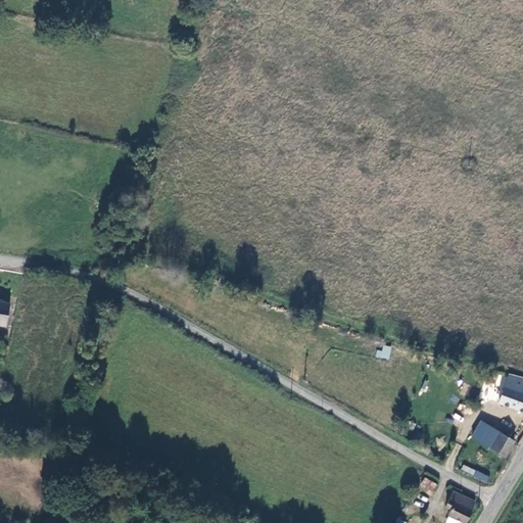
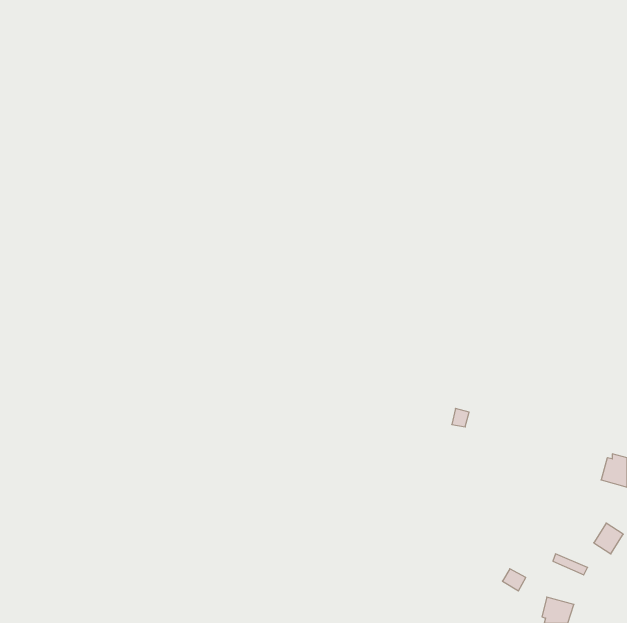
building: [475,422,502,449] -> none

